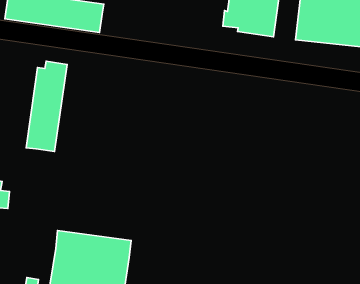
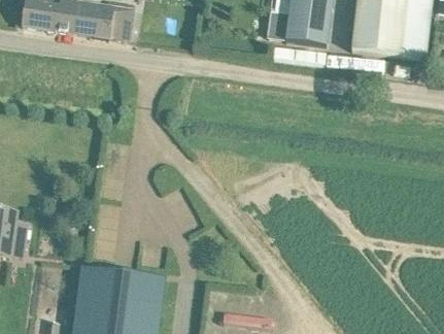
building: [26,61,67,151] -> none

